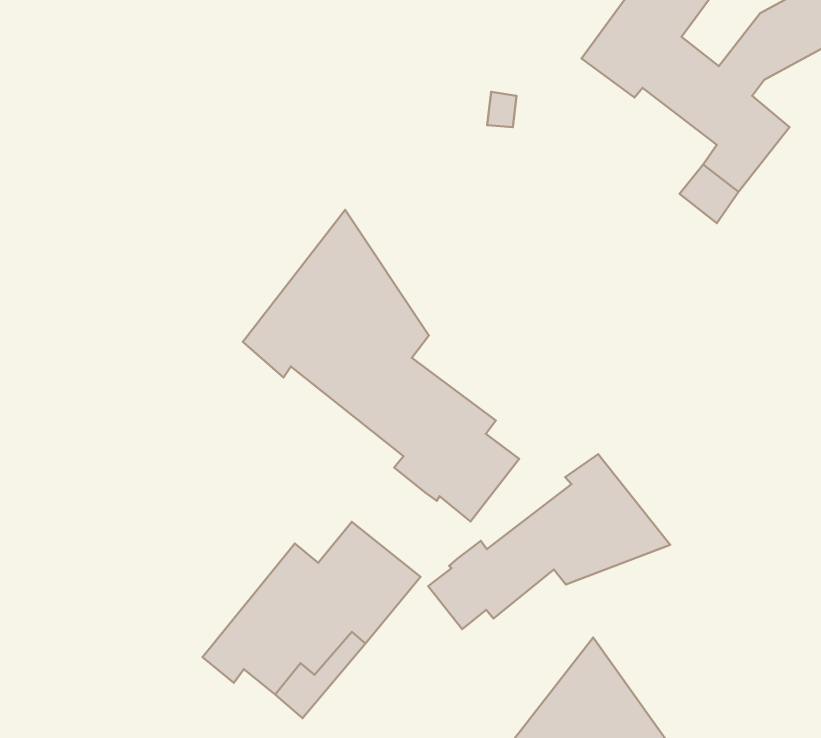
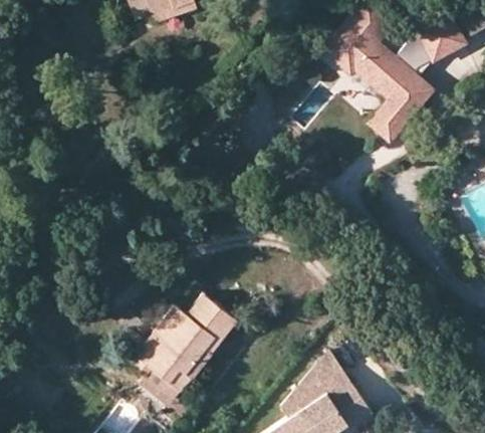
building: [243,210,519,521] -> none
building: [428,454,670,629] -> none

